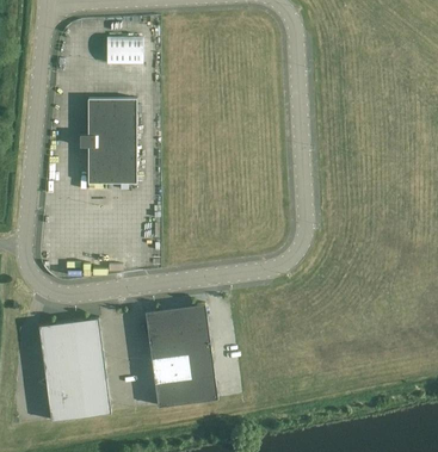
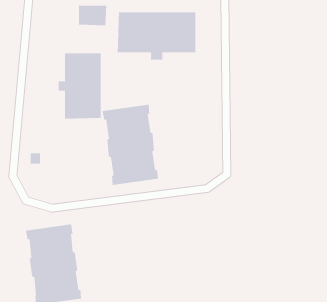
building: none -> [117,12,196,61]
building: [143,304,216,408] -> [102,104,159,185]

